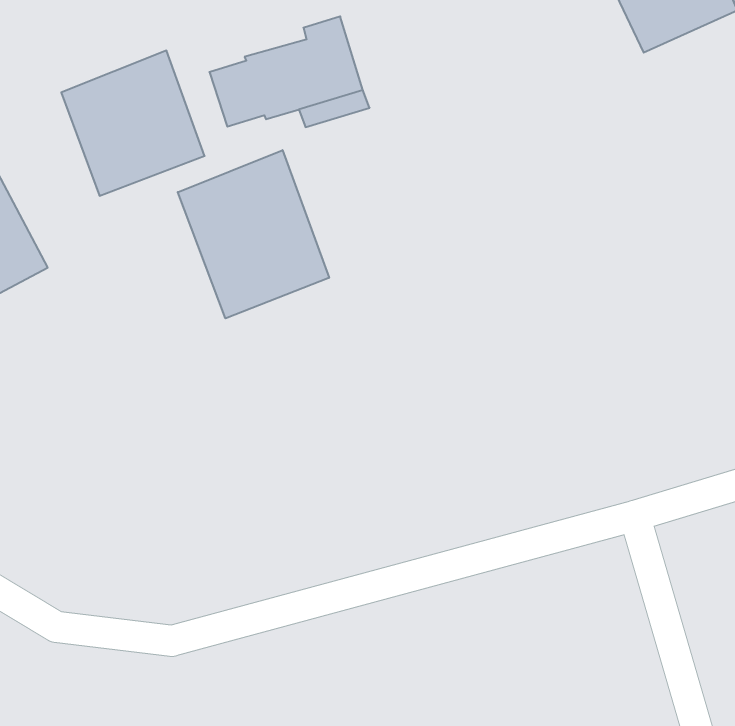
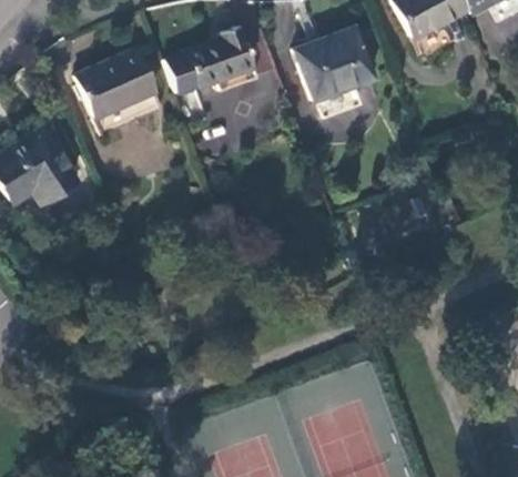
building: none -> [294,27,373,101]
building: [178,150,329,318] -> none

